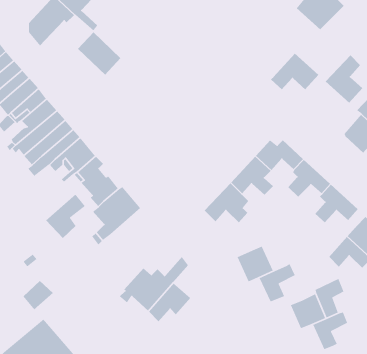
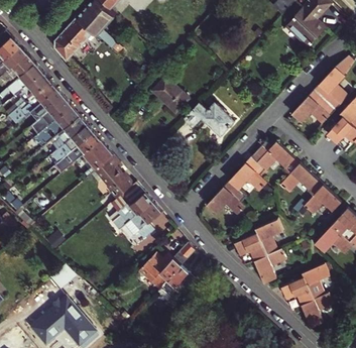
building: [77,31,121,76] -> [151,76,190,114]
building: [270,53,319,90] -> [290,91,333,123]
building: none -> [183,103,233,135]
building: [45,193,86,239] -> [126,201,161,240]
building: none -> [256,219,283,255]

